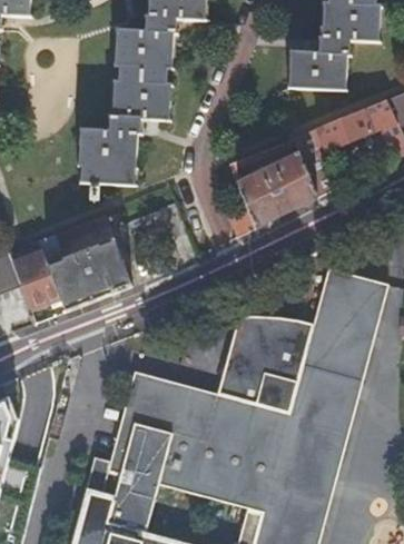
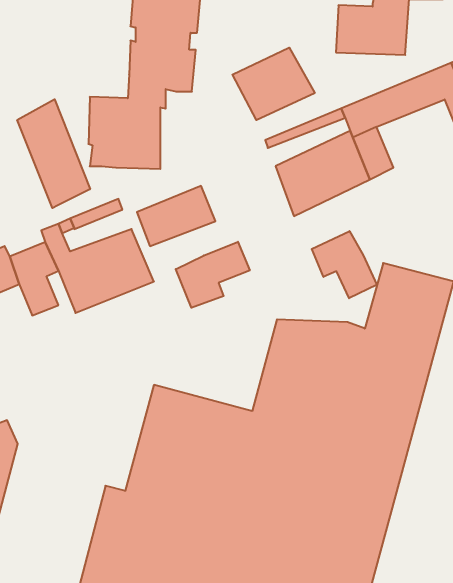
building: none -> [232,48,315,120]
building: none -> [17,99,90,208]
building: none -> [312,231,377,298]
building: none -> [176,242,250,308]

